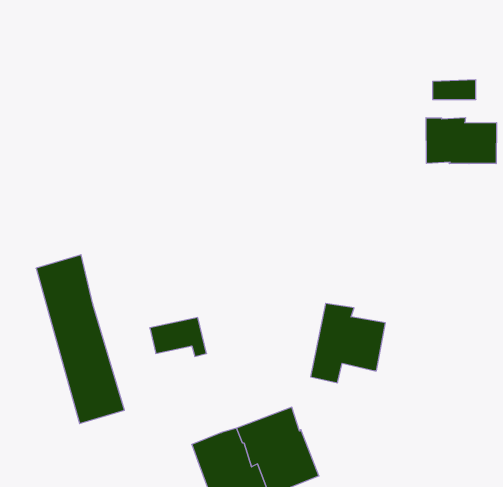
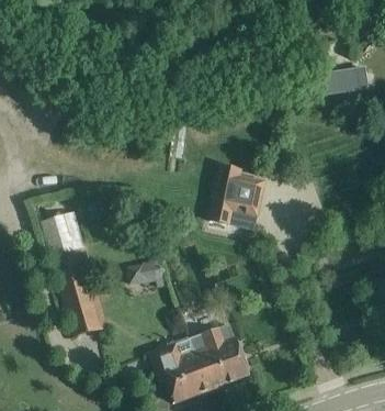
building: [426,118,496,164] -> none
building: [311,303,385,383] -> [208,166,263,224]

